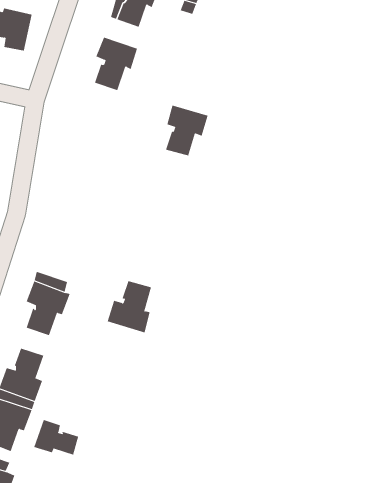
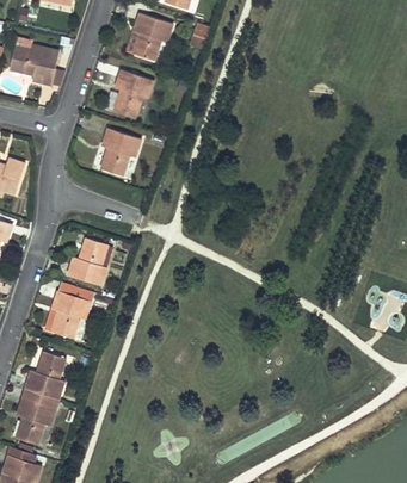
building: [165,105,209,156] -> [100,130,140,177]
building: [107,281,152,333] -> [67,240,107,287]
building: [34,419,79,455] -> none

